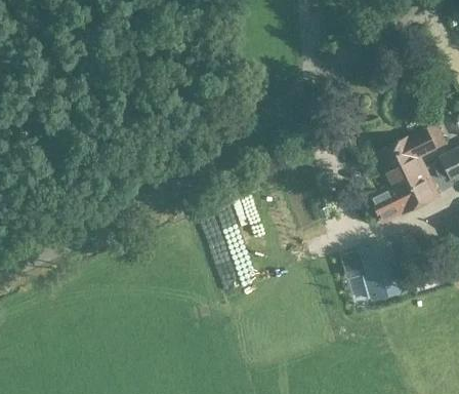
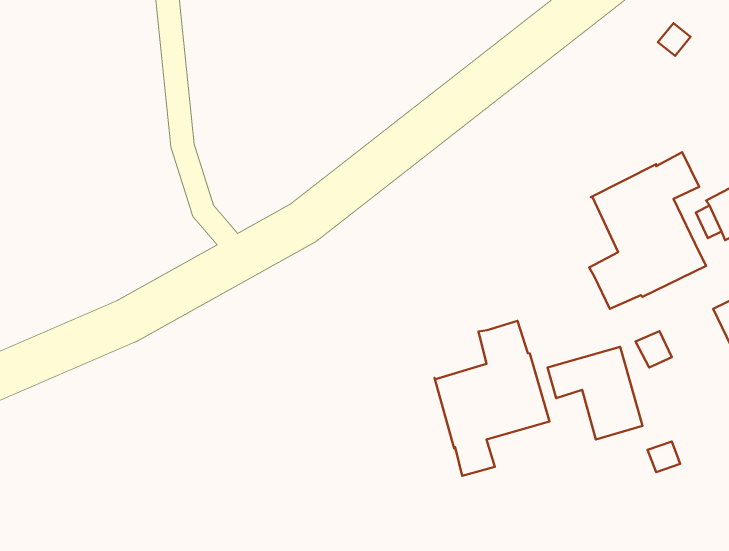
building: none -> [435,321,549,476]

